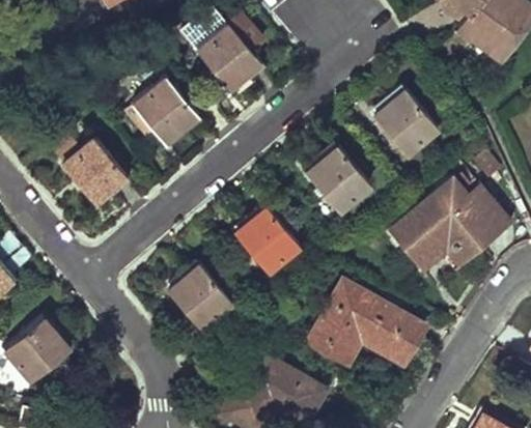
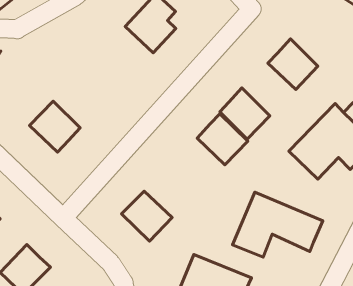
building: [134,80,198,145] -> none
building: [235,208,300,274] -> [197,114,248,165]

